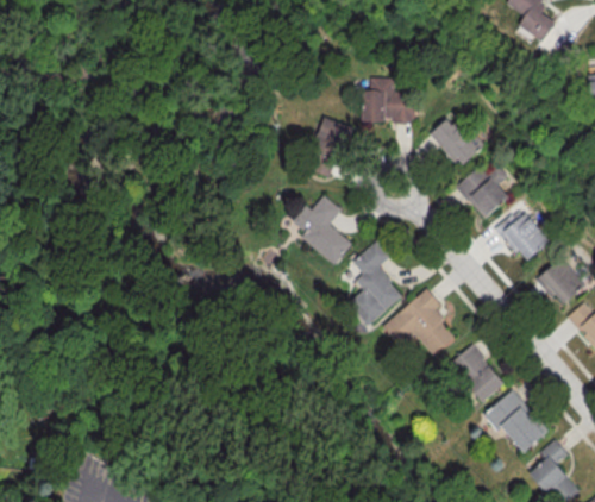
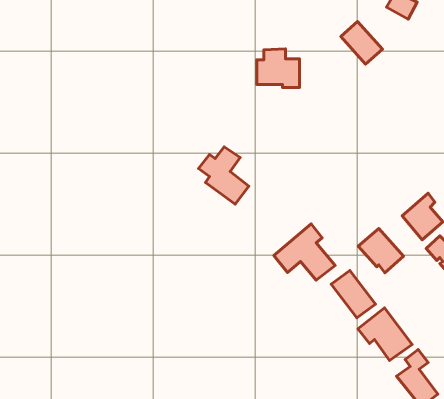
building: [428,117,478,168] -> [341,22,382,64]
building: [308,118,352,177] -> none
building: [455,165,507,219] -> none
building: [494,207,549,261] -> [358,228,404,273]
building: [349,240,403,326] -> none

